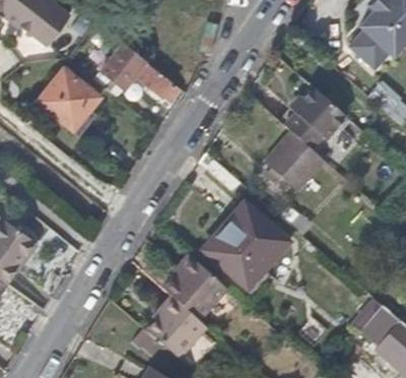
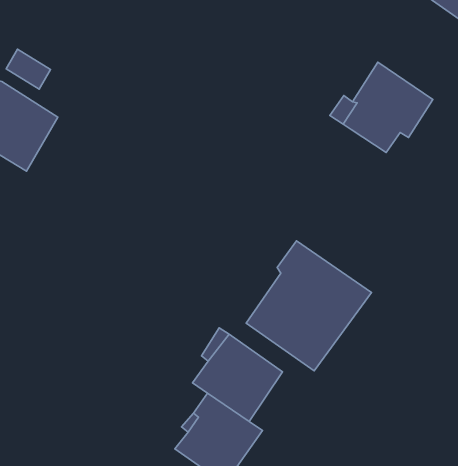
building: [96,46,179,103] -> none
building: [265,130,328,193] -> none

